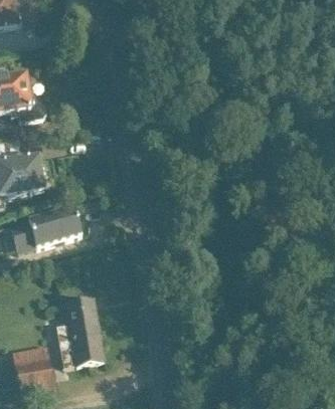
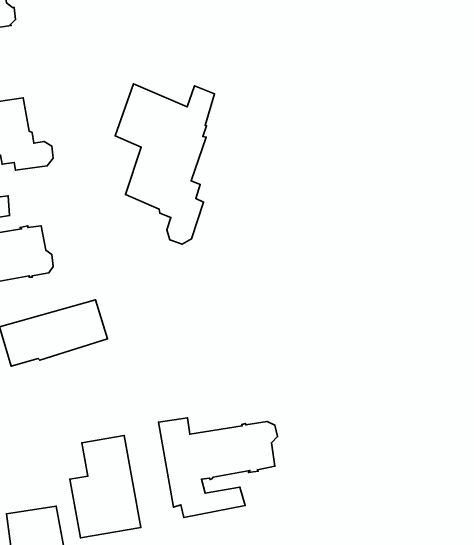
building: none -> [115,84,214,244]
building: none -> [158,418,277,518]

